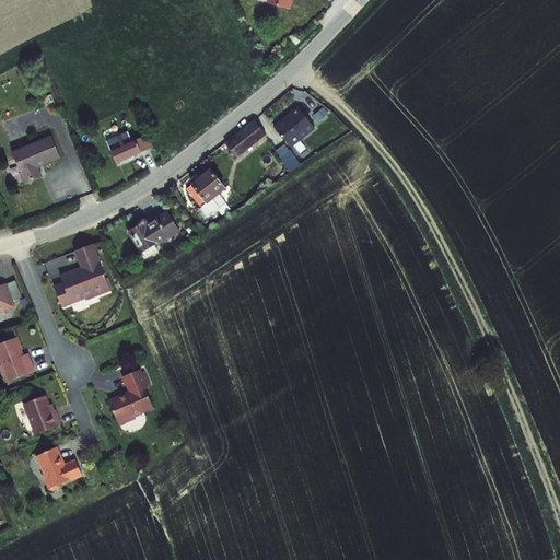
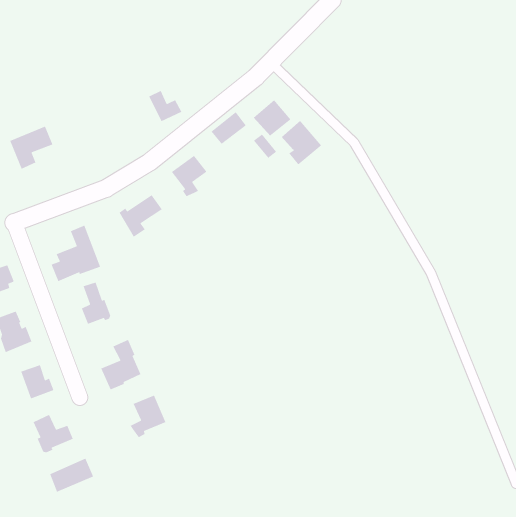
building: [104,128,141,163] -> [148,90,183,122]
building: none -> [281,120,322,165]
building: none -> [81,281,111,325]
building: none -> [129,394,167,438]
building: none -> [49,457,94,493]

